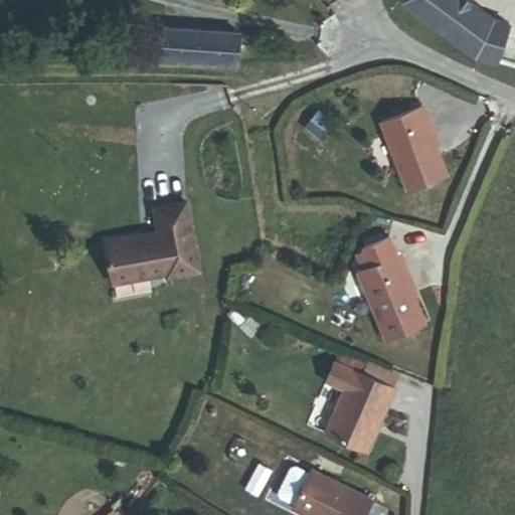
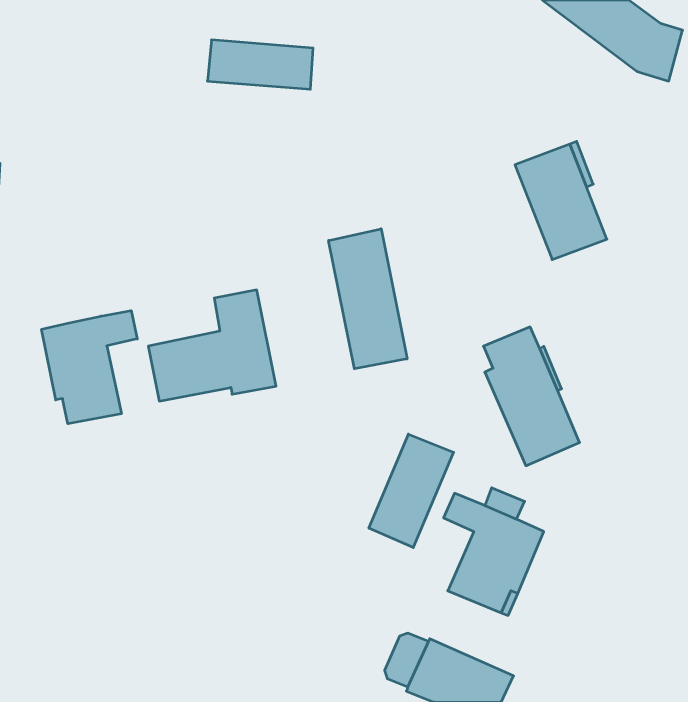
building: none -> [329,229,407,369]
building: none -> [42,311,137,424]
building: none -> [369,434,454,548]

